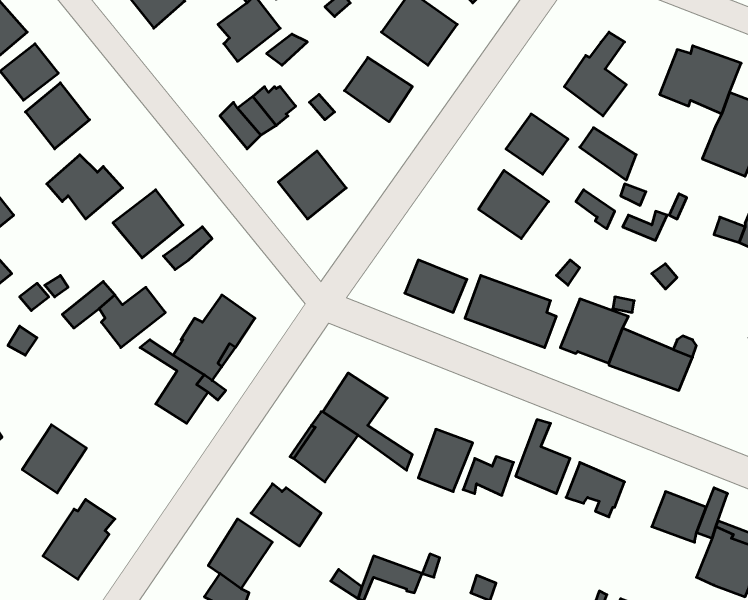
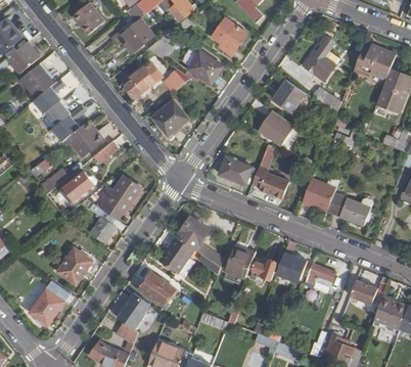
building: [22,425,86,493] -> [57,247,91,283]

